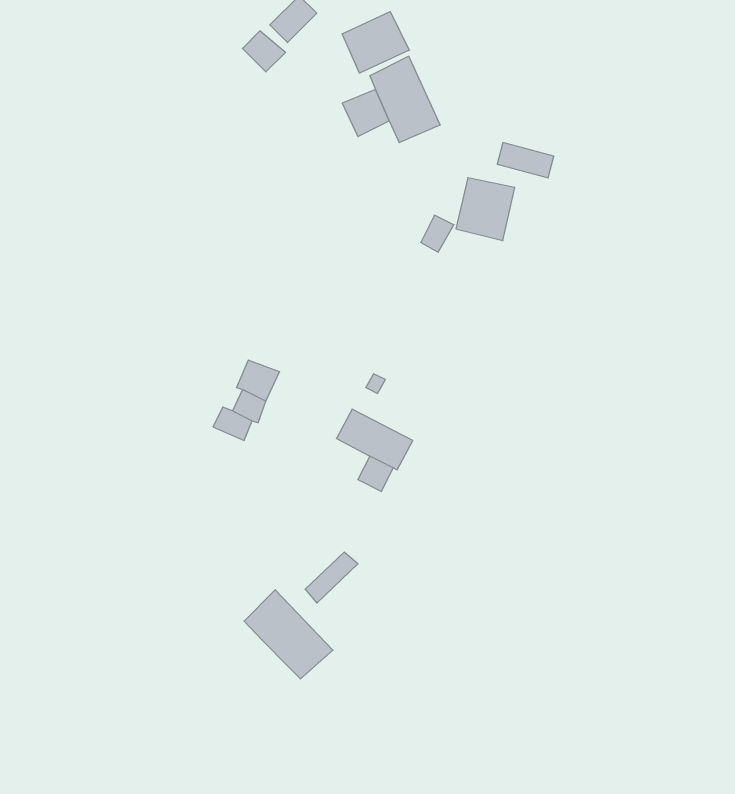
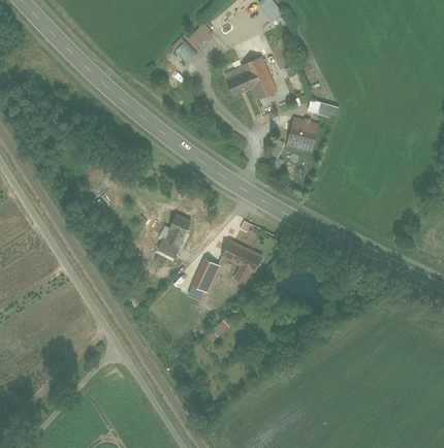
building: [342,12,409,73] -> none
building: none -> [192,259,221,291]
building: [244,590,333,679] -> none

